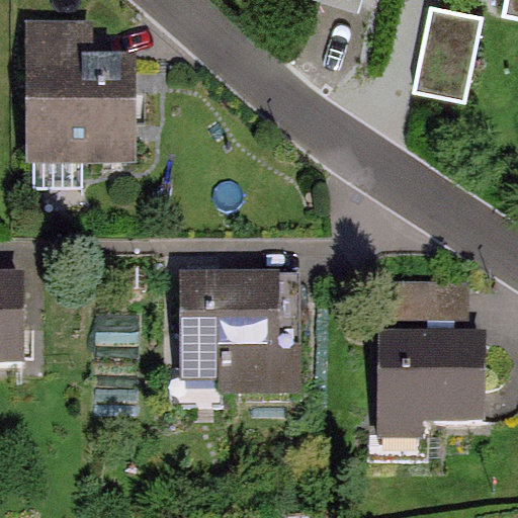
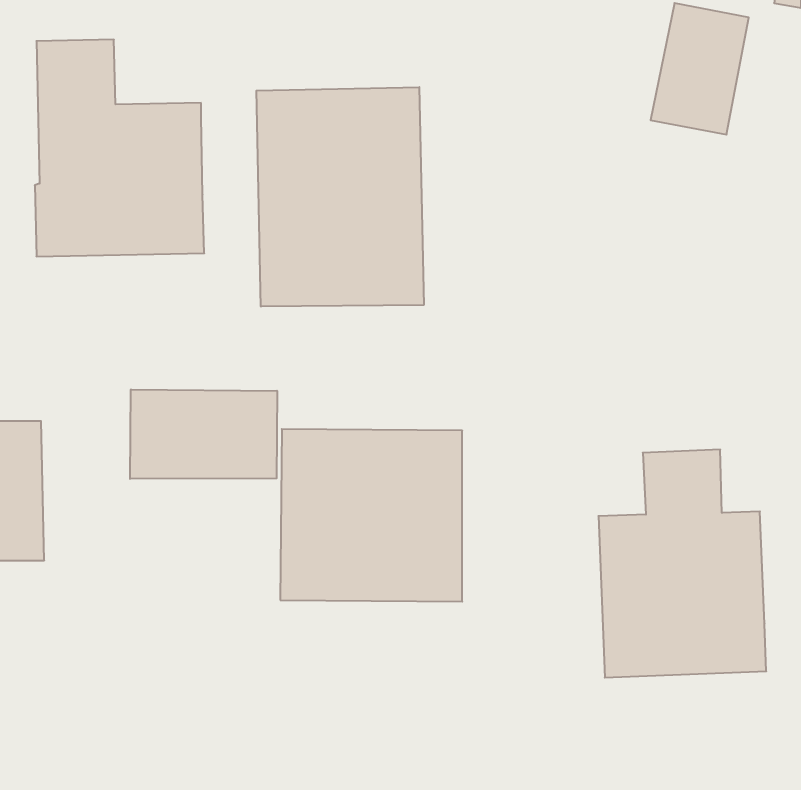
building: none -> [256,87,424,307]
building: none -> [130,389,277,479]

